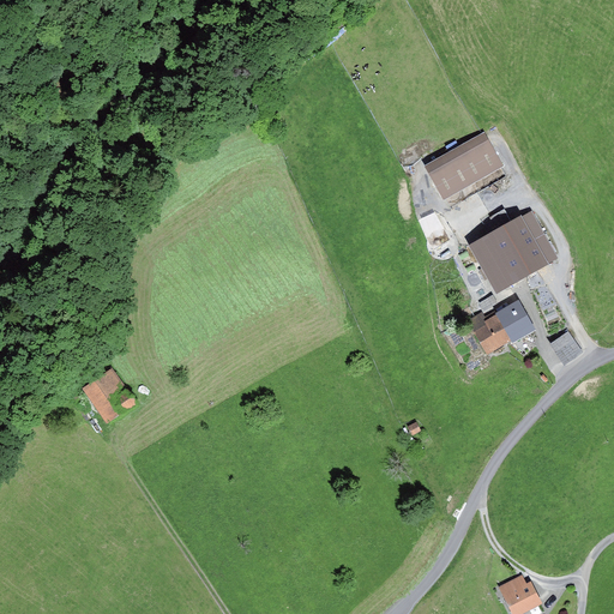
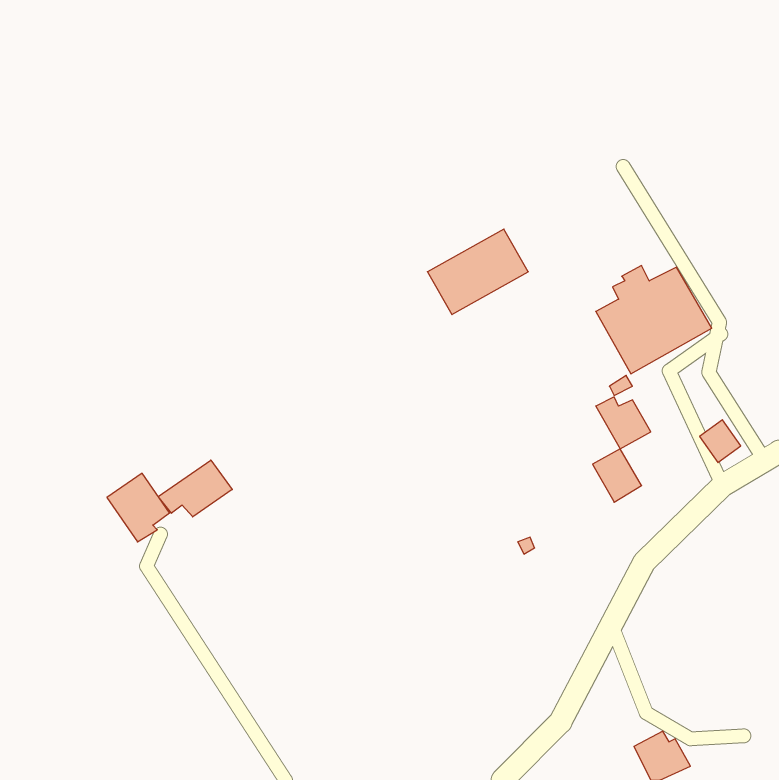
building: [423,132,502,199] -> [427,229,528,315]
building: [495,300,534,342] -> [593,449,642,502]
building: none -> [158,460,232,517]

